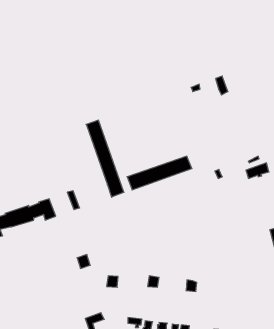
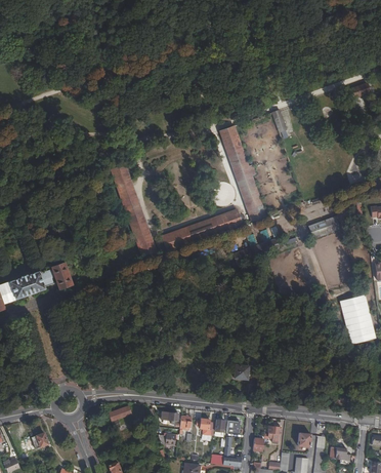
building: none -> [218,125,265,222]

